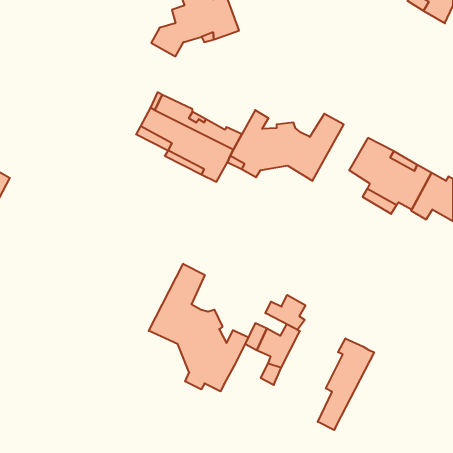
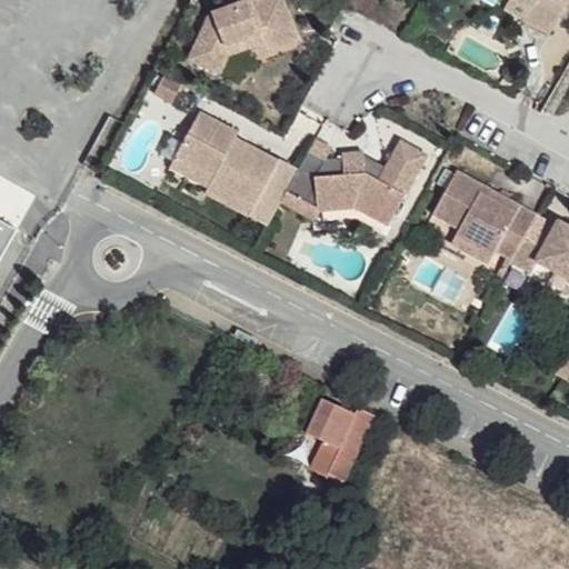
building: [149,264,248,391] -> none
building: [265,295,305,330] -> none
building: [318,338,374,430] -> none

